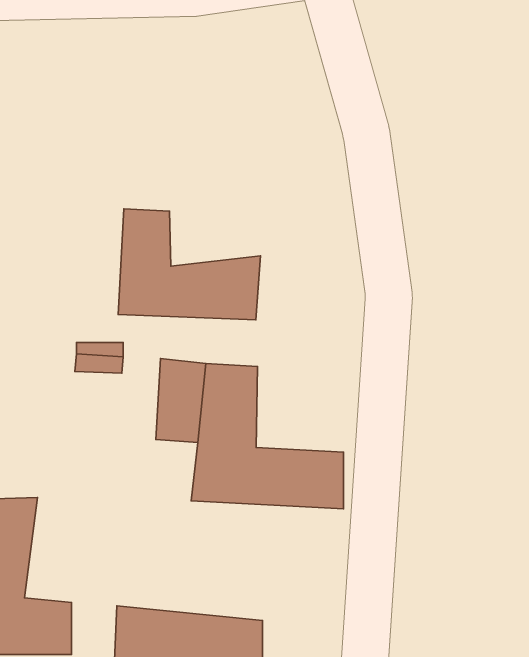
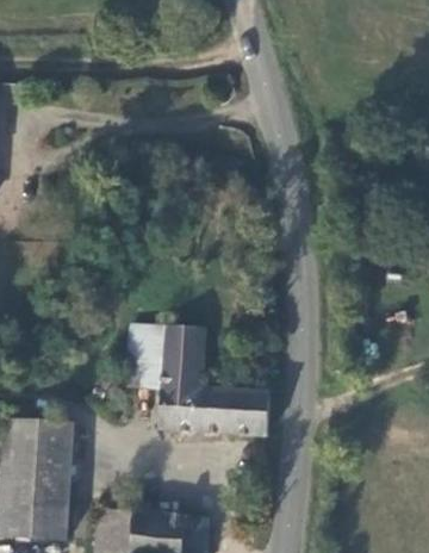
building: [118,209,261,320] -> none
building: none -> [38,424,73,502]

